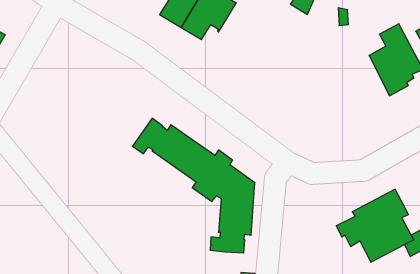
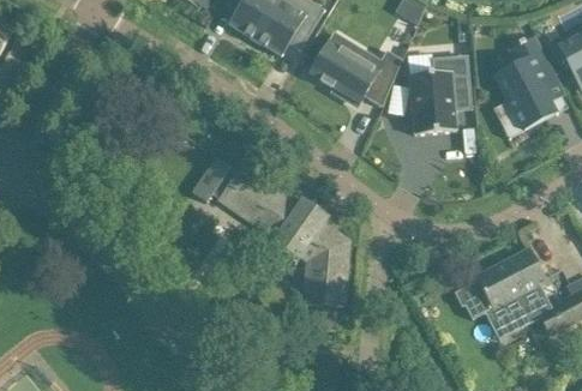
building: none -> [310,38,403,106]
building: none -> [410,55,472,133]

